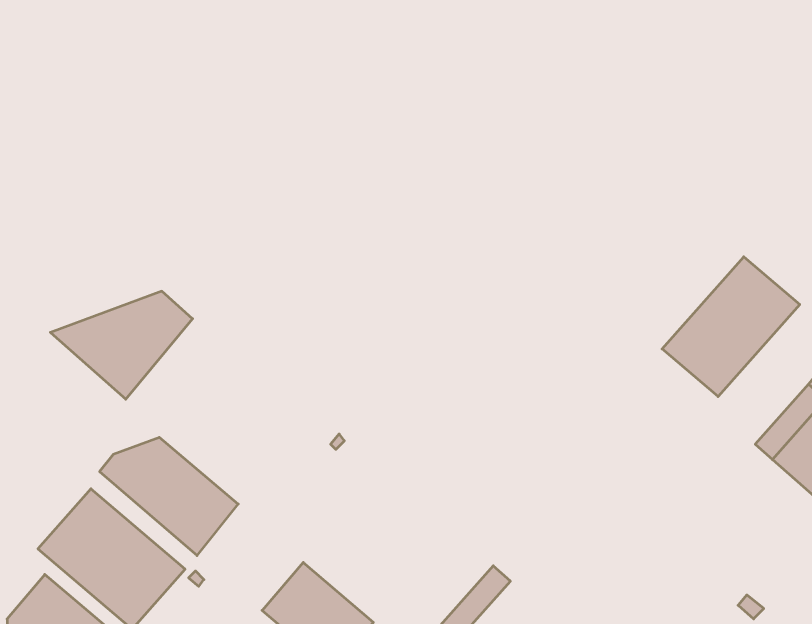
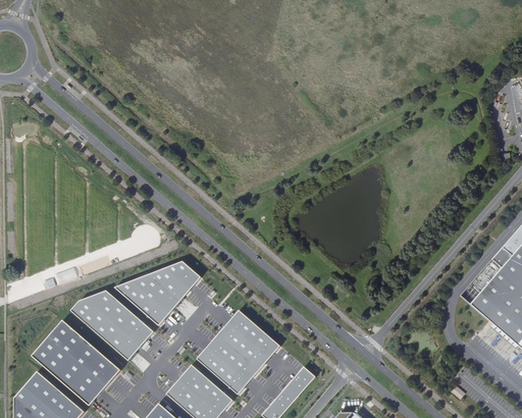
building: [662,257,800,397] -> none
building: [50,291,193,399] -> [114,262,199,326]
building: none -> [196,310,278,395]

